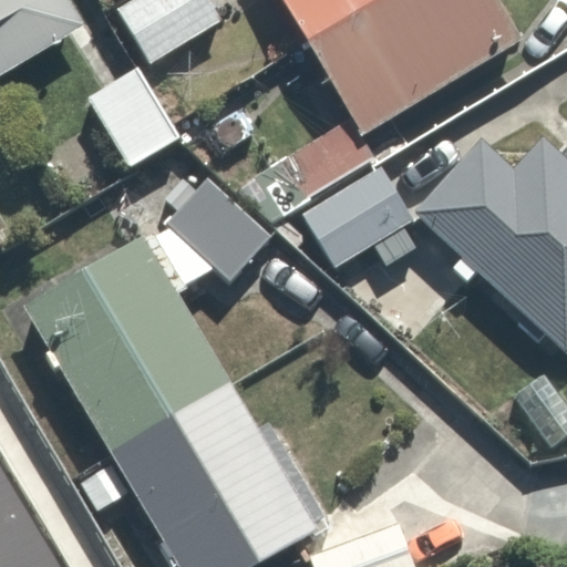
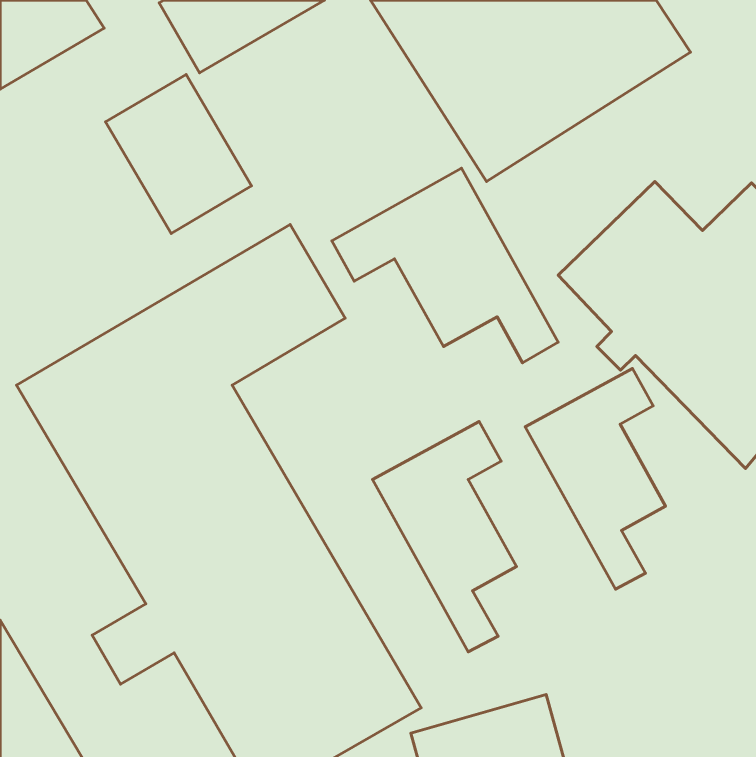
building: none -> [525,368,665,589]
building: none -> [372,421,516,652]

